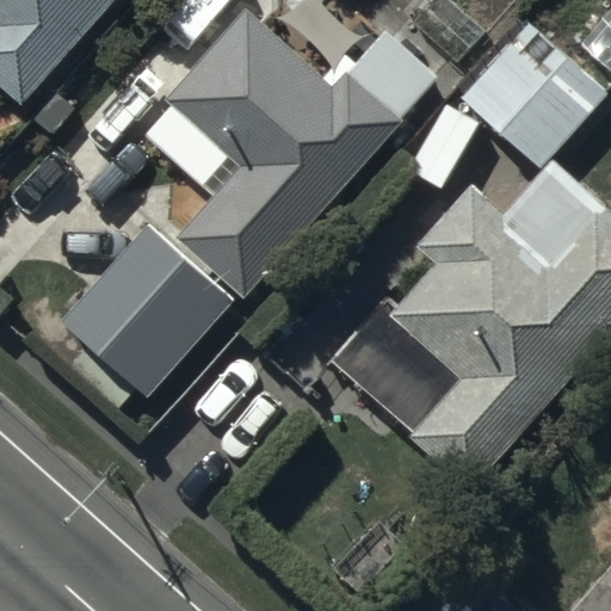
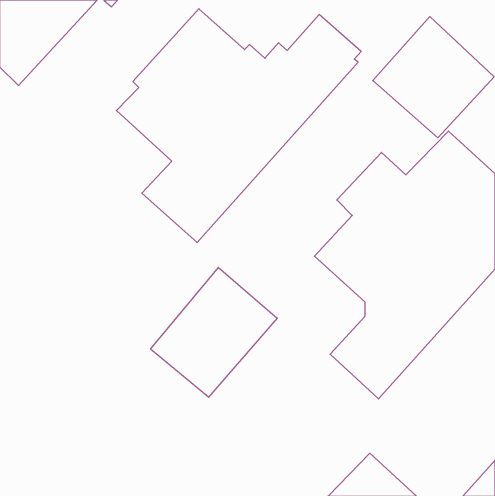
building: [58,223,235,401] -> none
building: none -> [151,267,277,397]

